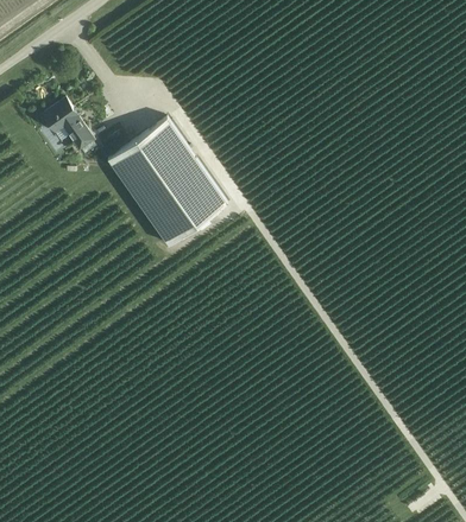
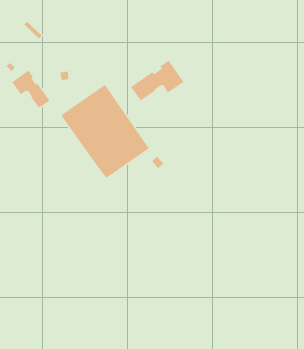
building: none -> [130,59,185,101]

